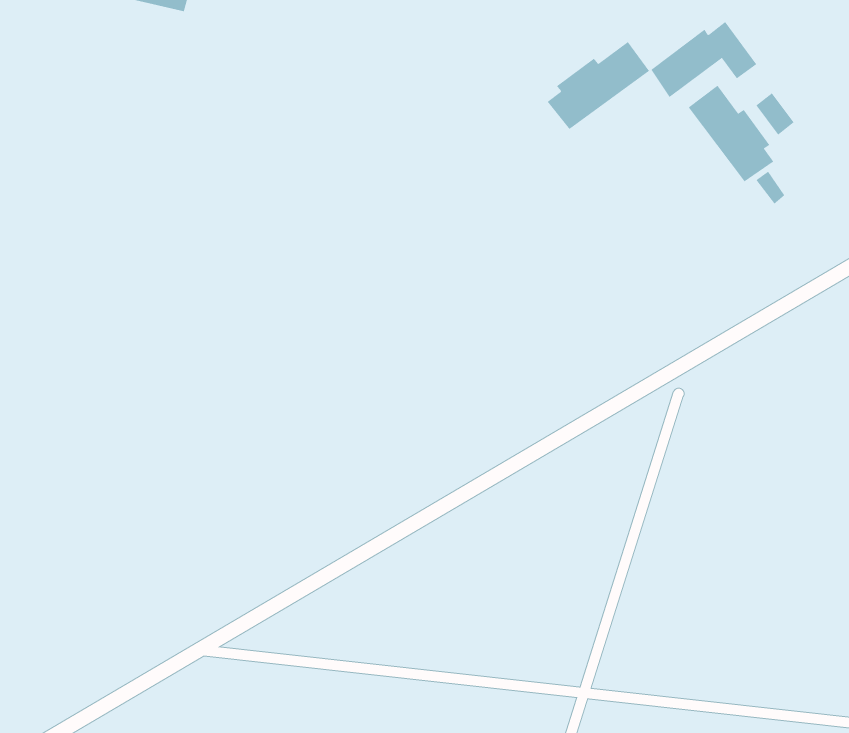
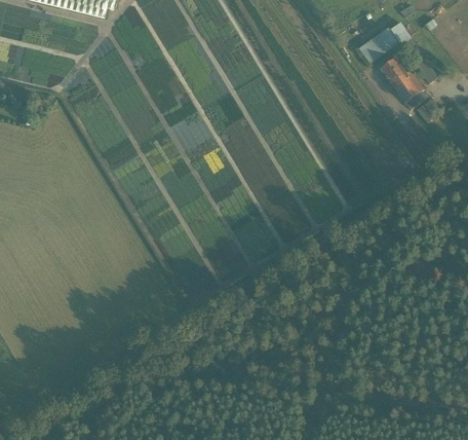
building: [547,41,650,130] -> none

